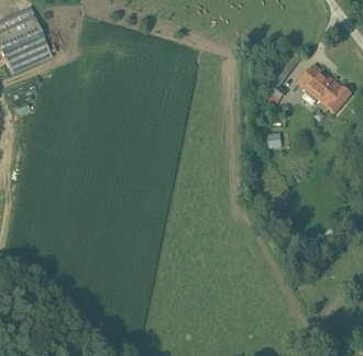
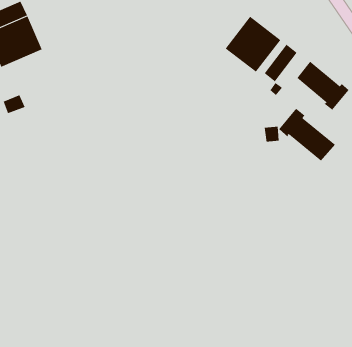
building: none -> [225,16,281,73]
building: none -> [279,108,336,162]

